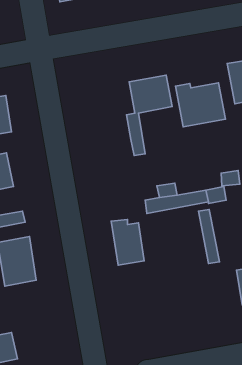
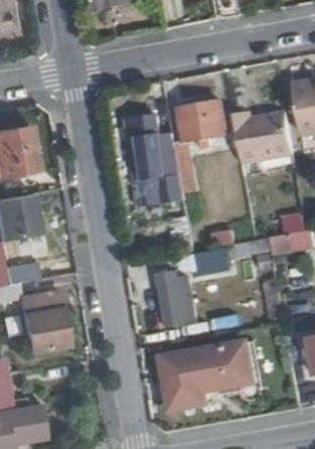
building: none -> [132,119,179,209]
building: none -> [162,341,254,410]

